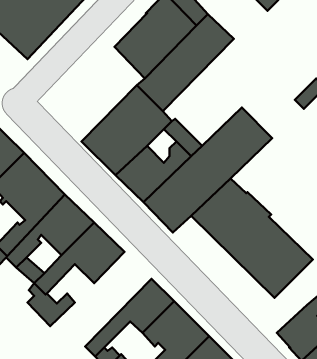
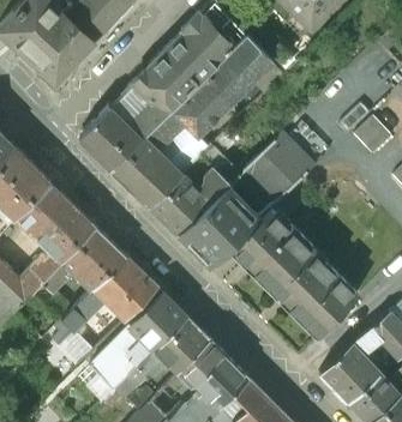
building: none -> [80,70,179,170]
building: none -> [90,294,186,390]

